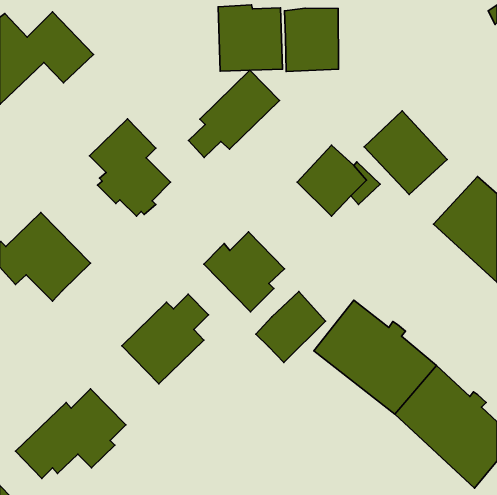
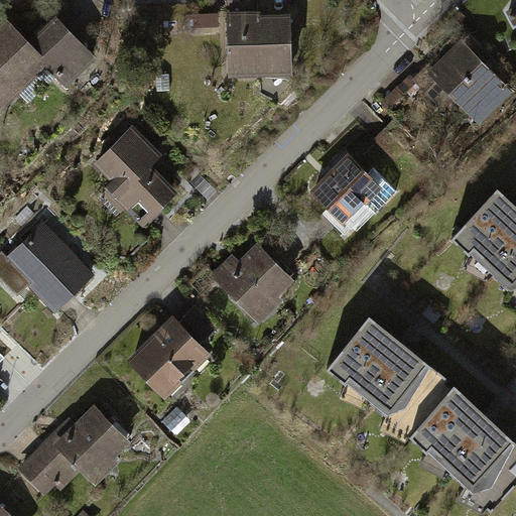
building: [284,8,339,72] -> none
building: [188,70,280,157] -> none
building: [364,111,447,195] -> [421,37,507,124]
building: [256,291,325,363] -> none

